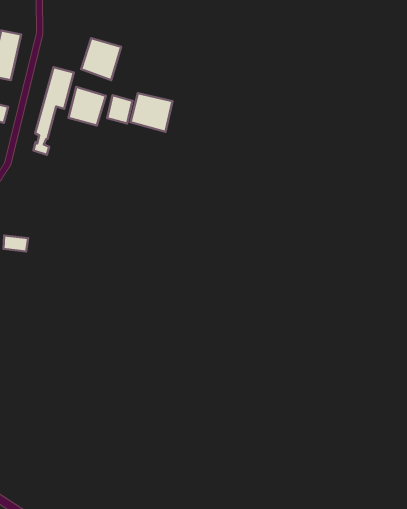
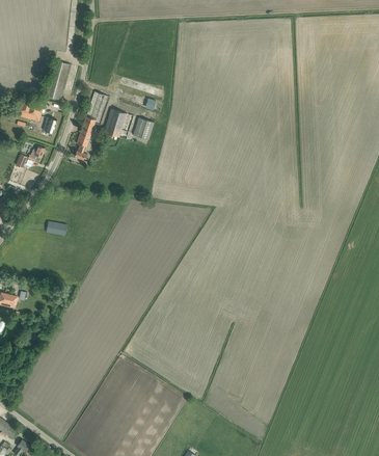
building: [81,38,121,80] -> none
building: [130,93,172,132] -> none

